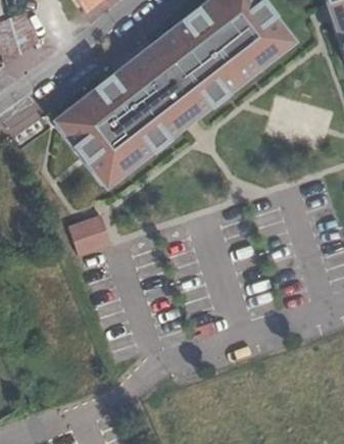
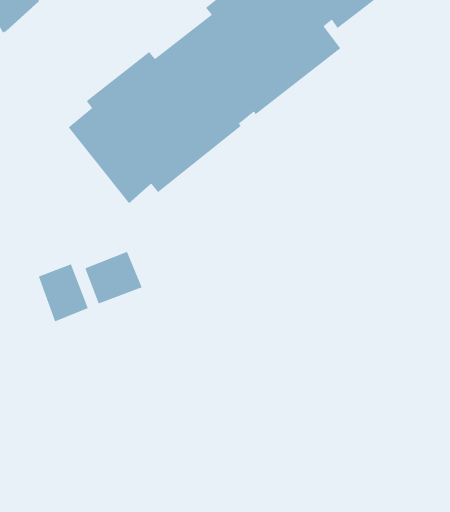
building: none -> [38,264,88,322]

